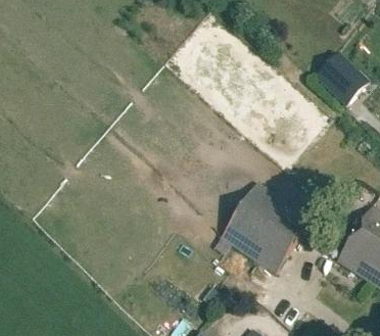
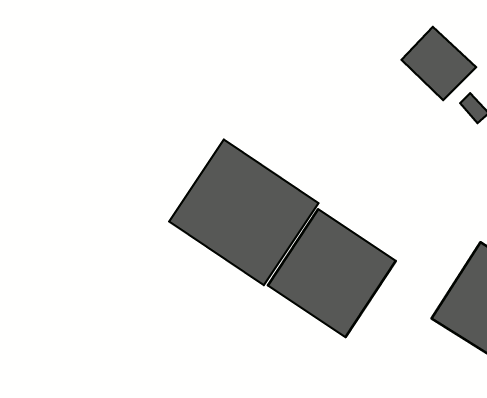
building: none -> [169,140,318,285]

